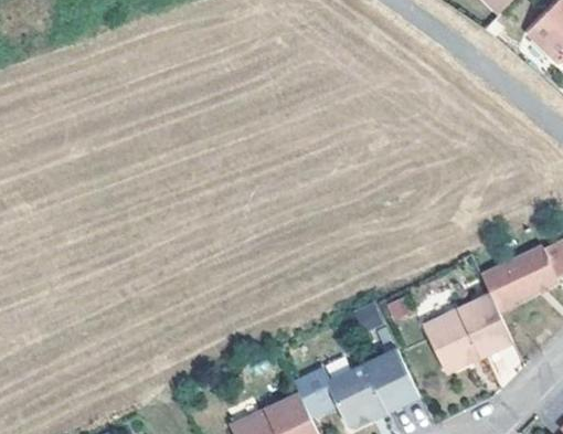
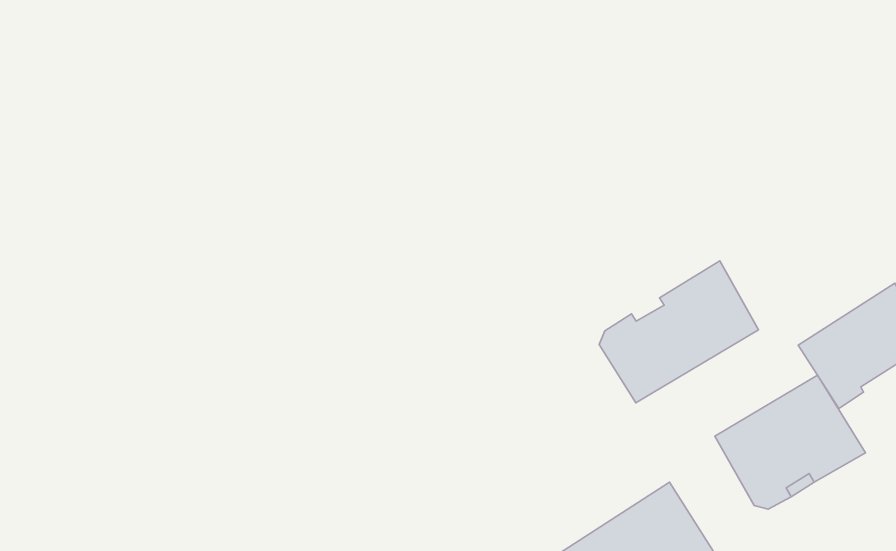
building: none -> [599,261,759,403]

